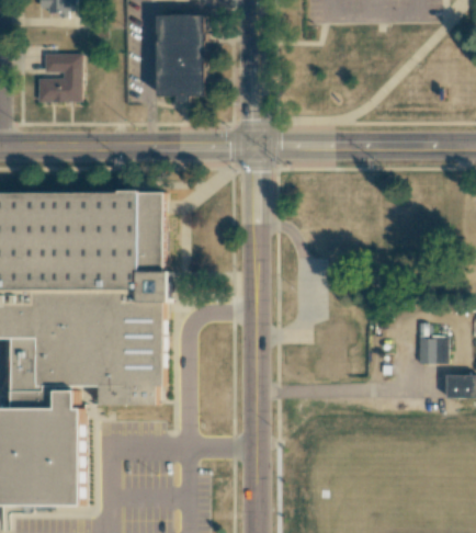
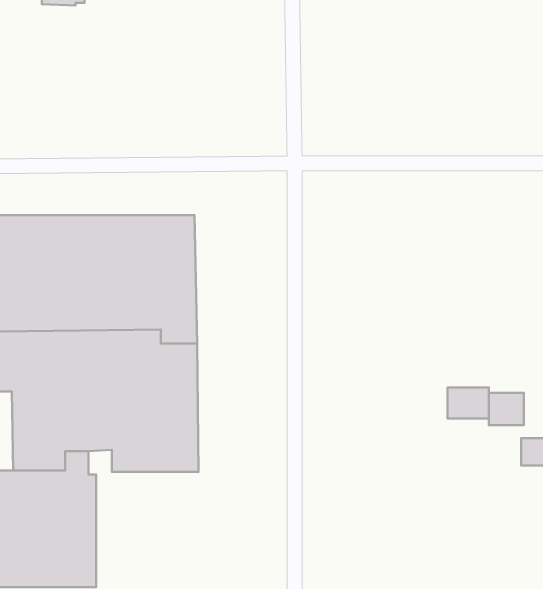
building: [155,13,203,102] -> none
building: [34,54,78,102] -> none
building: none -> [447,388,489,418]

